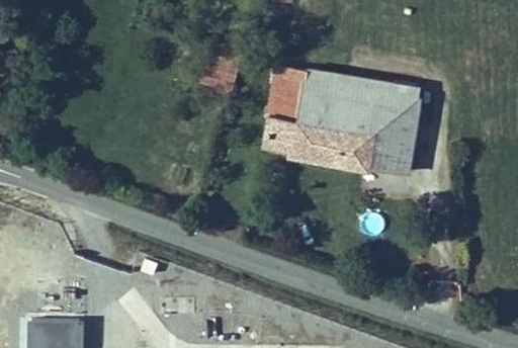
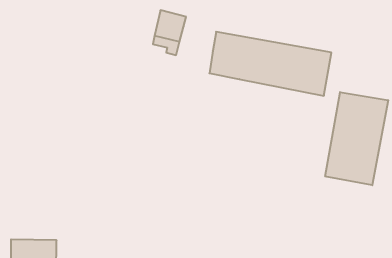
building: [264,117,409,173] -> none
building: none -> [325,92,388,185]

